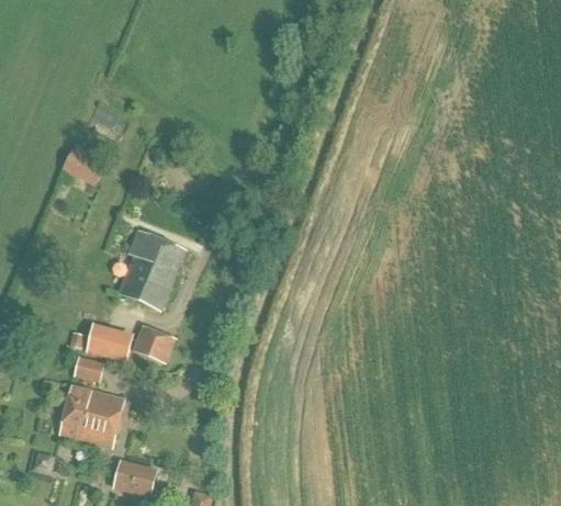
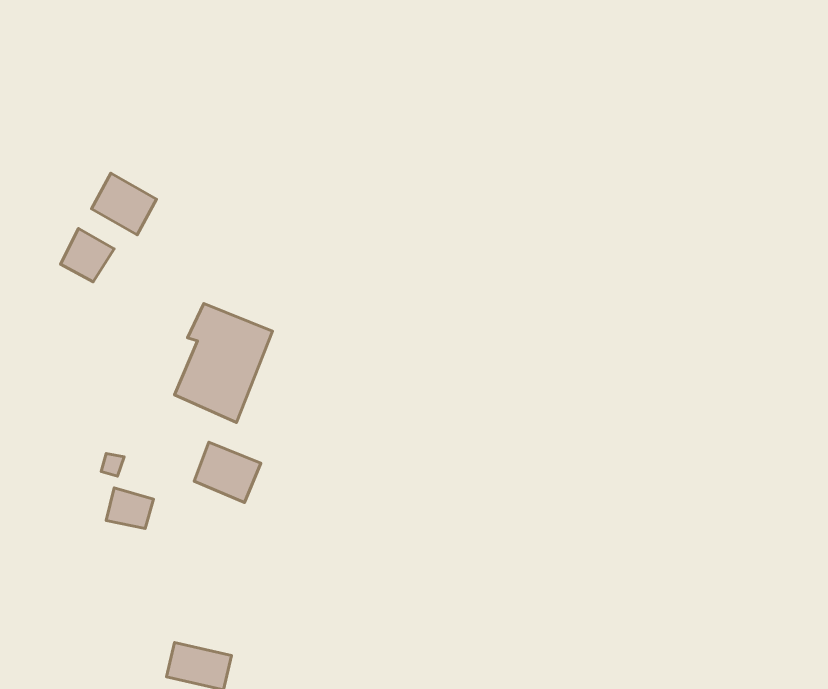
building: none -> [61,229,114,282]
building: [86,323,133,361] -> none
building: [59,385,125,448] -> none

